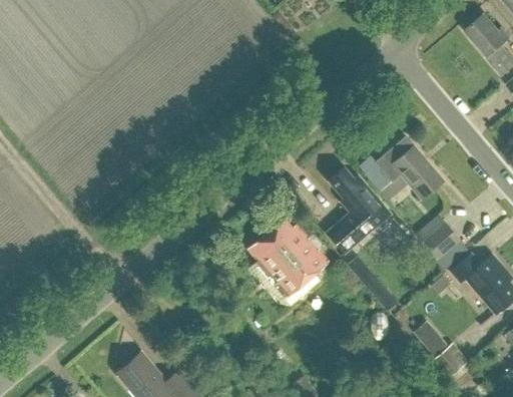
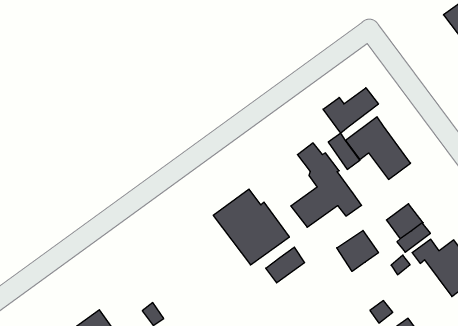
building: none -> [323,88,378,133]
building: none -> [337,230,378,271]
building: none -> [266,247,305,283]

